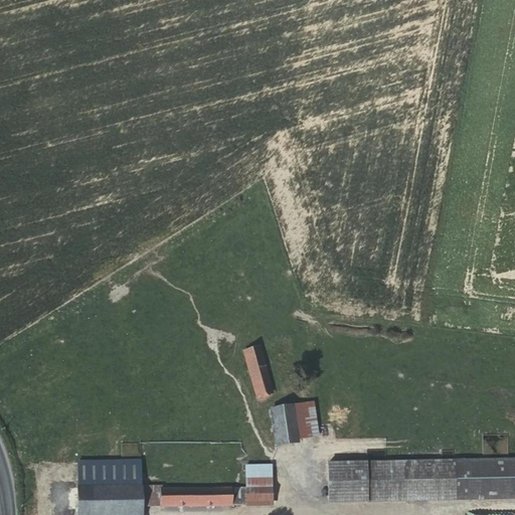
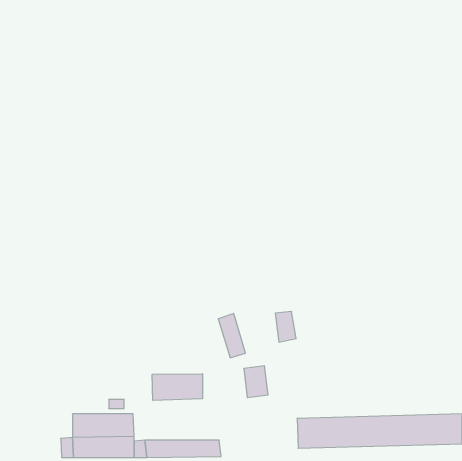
building: [294,404,317,439] -> [275,311,296,342]
building: none -> [152,374,203,400]
building: [243,466,275,507] -> none

